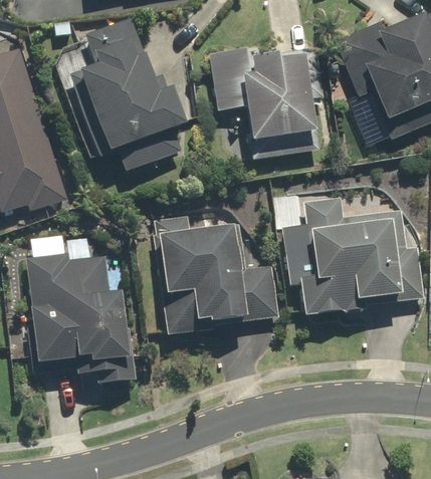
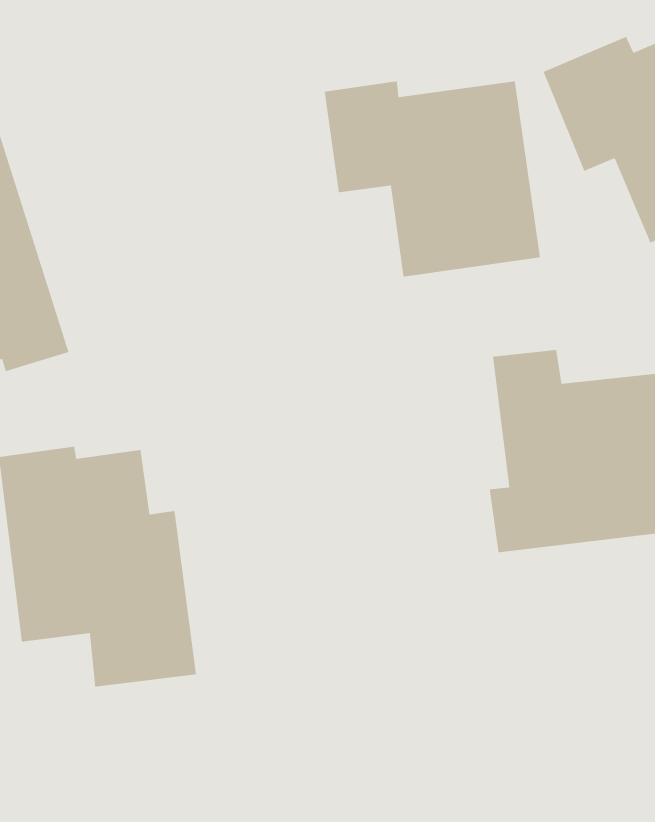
building: [68,16,189,173] -> none
building: [152,214,279,332] -> none

